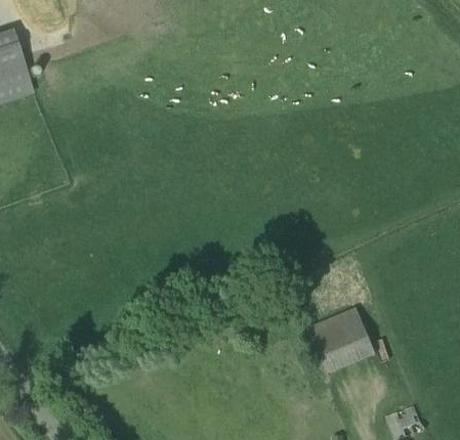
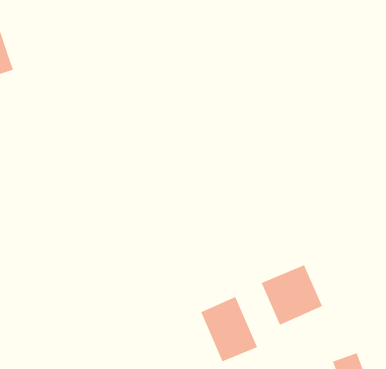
building: none -> [201,296,258,362]

